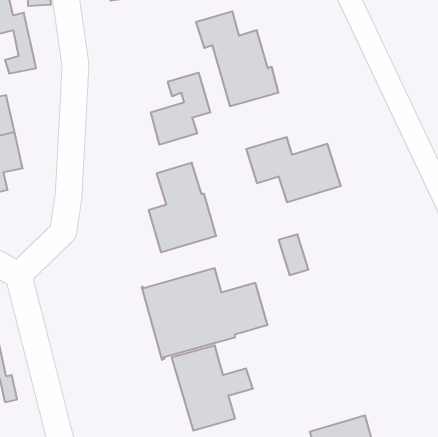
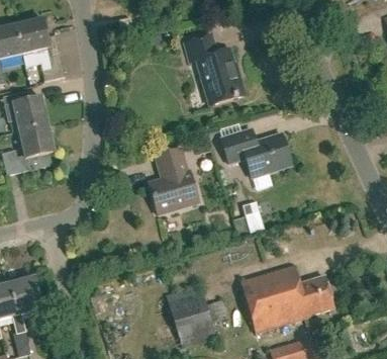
building: [151,73,210,145] -> none
building: [142,268,268,360] -> [240,263,334,332]

